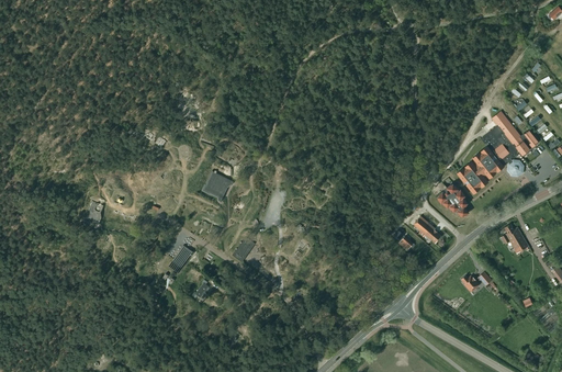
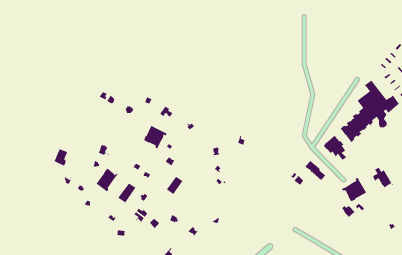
building: none -> [95,168,119,192]
building: none -> [341,177,367,202]

